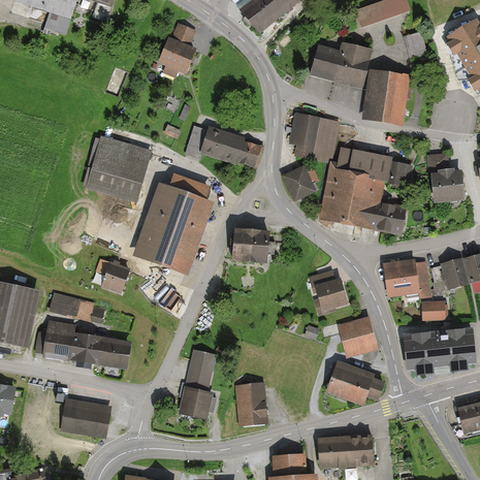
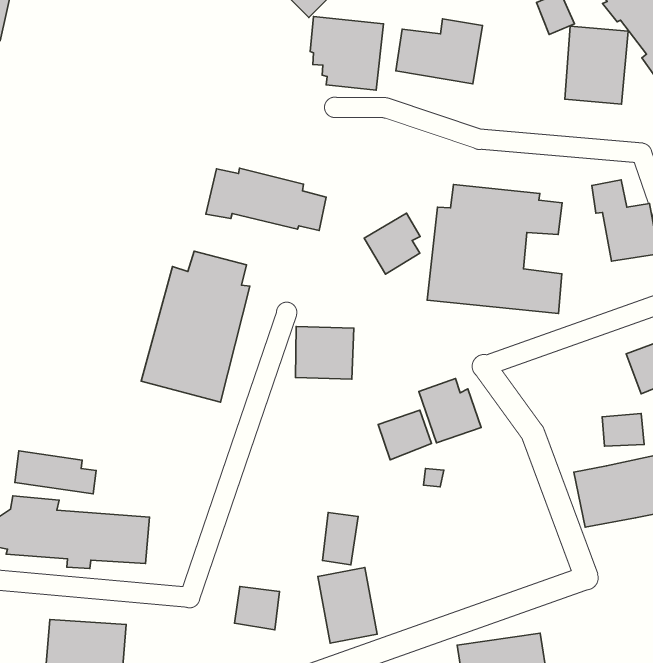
building: [160,25,198,74] -> none
building: [367,72,411,124] -> [565,26,628,104]
building: [288,114,335,163] -> [310,17,383,90]
building: [87,135,152,201] -> none
building: [384,259,431,297] -> none
building: [99,261,130,293] -> none
building: none -> [378,410,431,460]
building: [339,317,378,356] -> none
building: [188,354,213,388] -> [323,512,358,565]
building: [329,362,385,405] -> none

